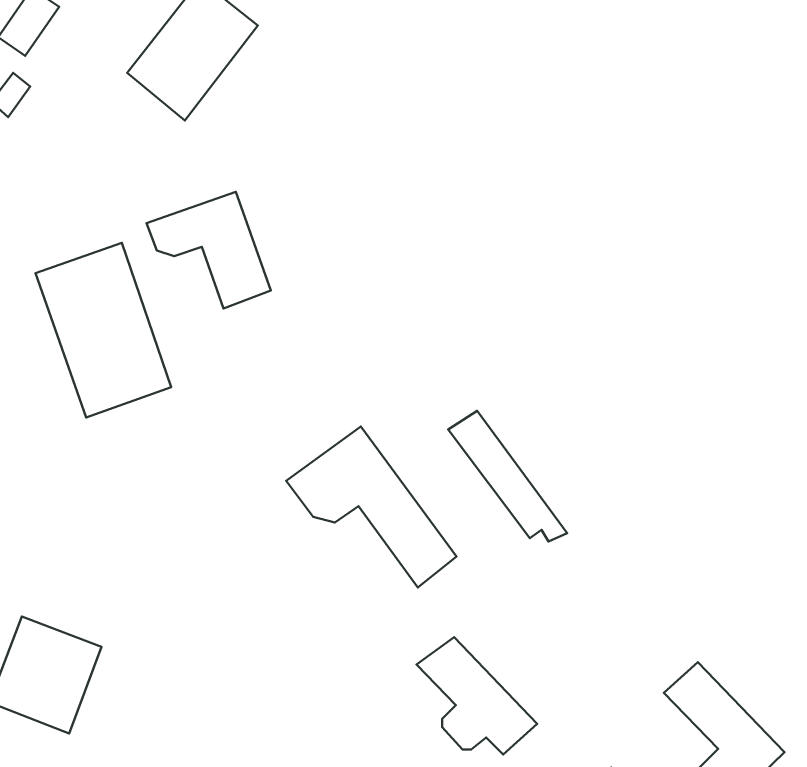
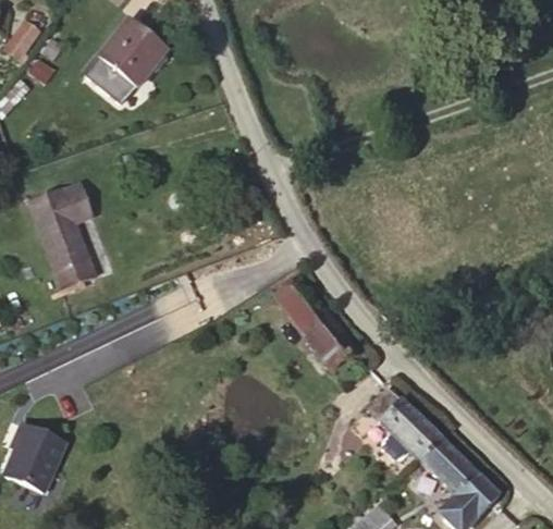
building: [147,192,271,309] -> none
building: [286,427,457,587] -> none
building: [417,637,537,754] -> [372,393,450,468]

